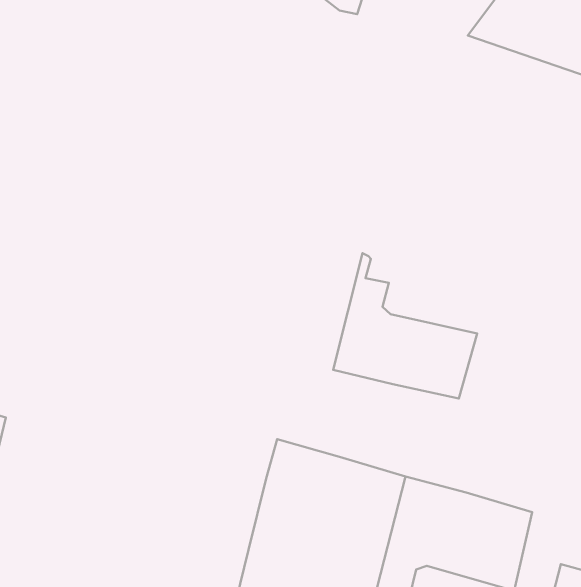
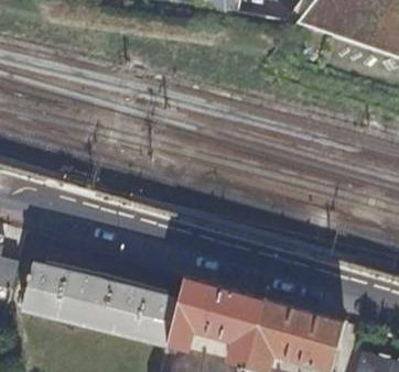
building: [333,253,477,399] -> none
building: none -> [23,262,179,342]

